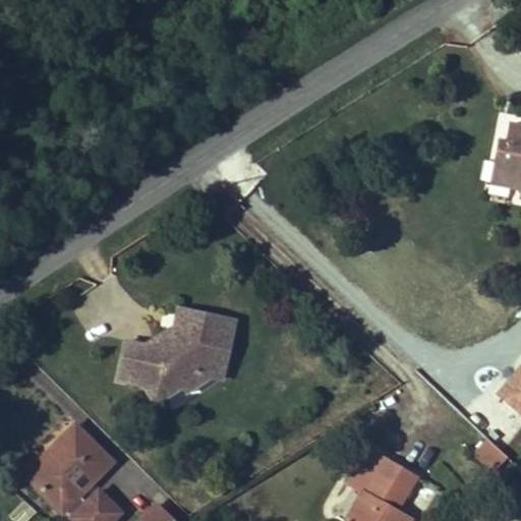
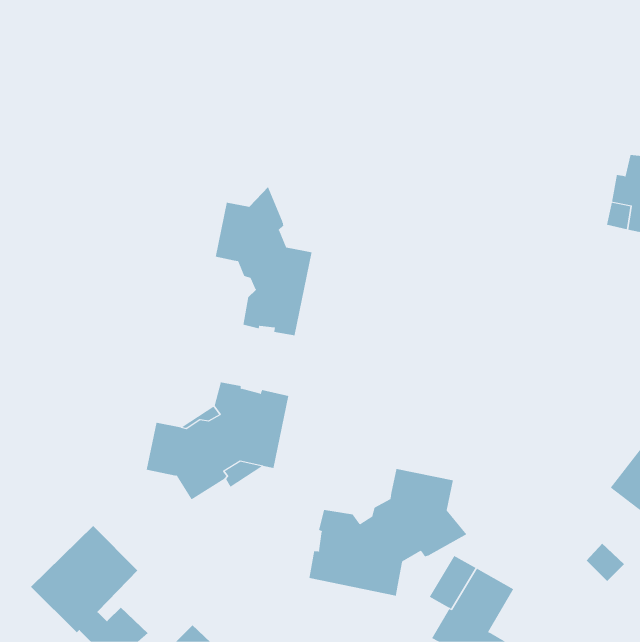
building: none -> [215,186,312,336]
building: none -> [309,468,467,597]

